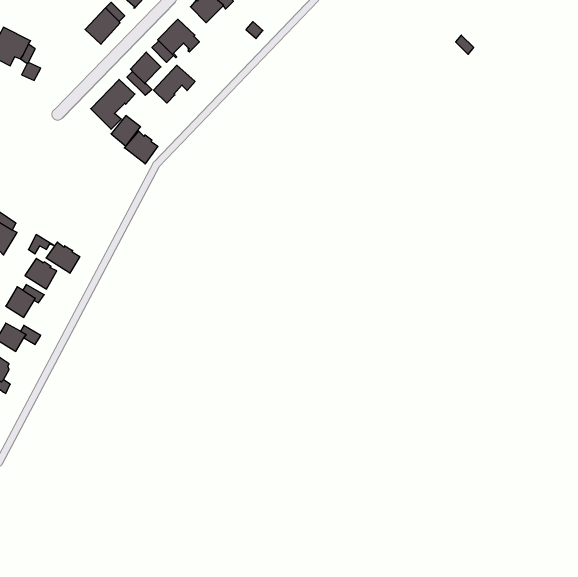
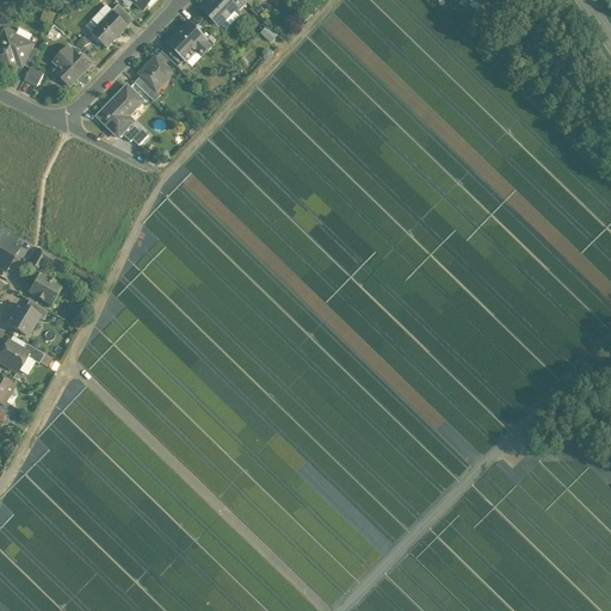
building: none -> [54,45,87,85]
building: [154,65,195,103] -> none
building: [124,131,158,164] -> none
building: [46,242,80,273] -> none

